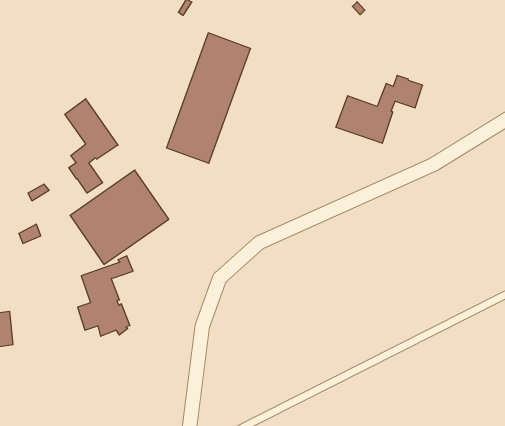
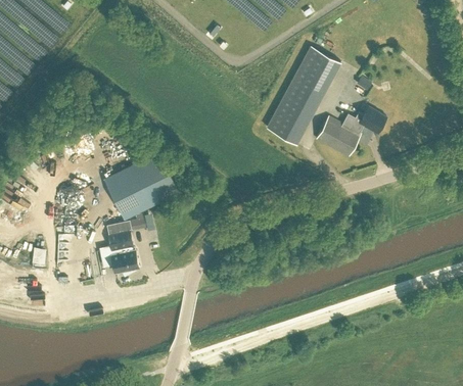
building: [166,33,251,163] -> [265,46,339,145]
building: [65,99,118,193] -> none

